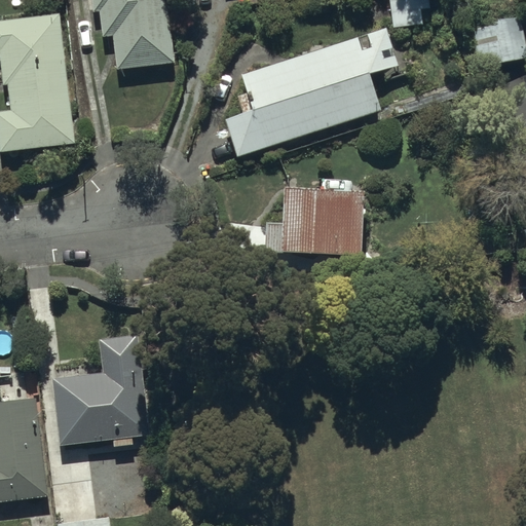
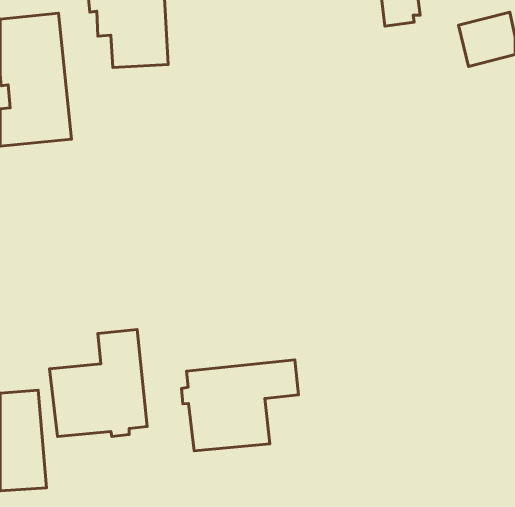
building: [226,28,398,156] -> none
building: [265,194,365,261] -> none
building: none -> [181,360,299,451]

